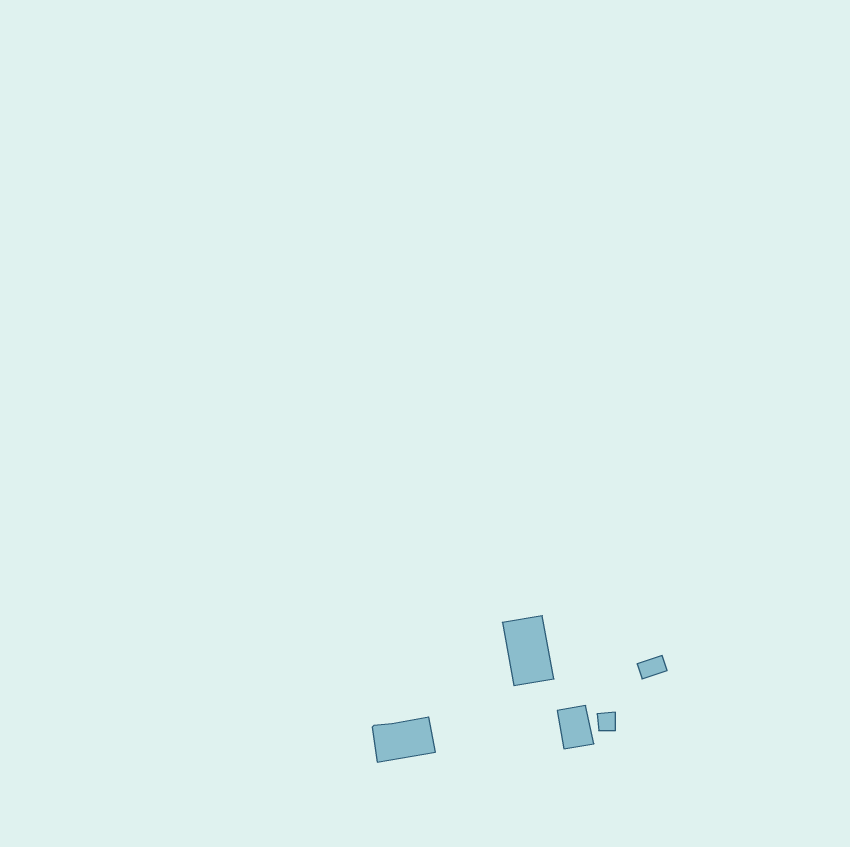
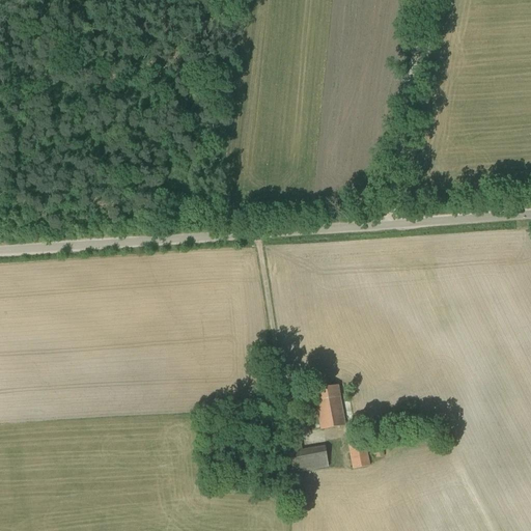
building: [372,717,435,762] -> [289,444,329,472]

